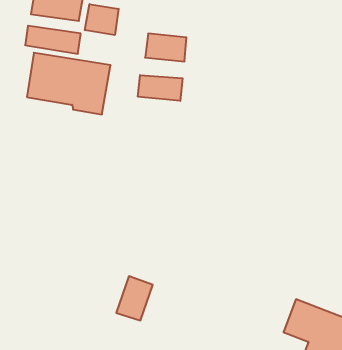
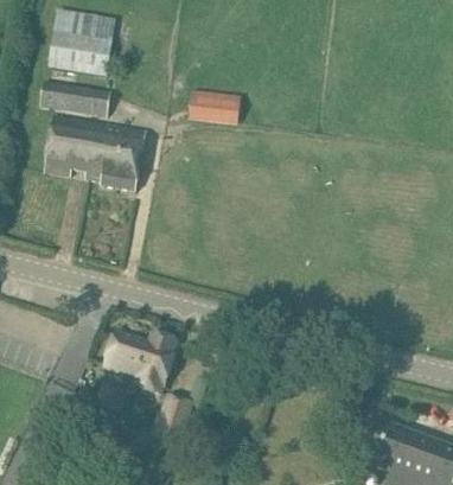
building: [85,4,119,35] -> none
building: [138,75,183,101] -> none
building: none -> [104,333,177,394]

